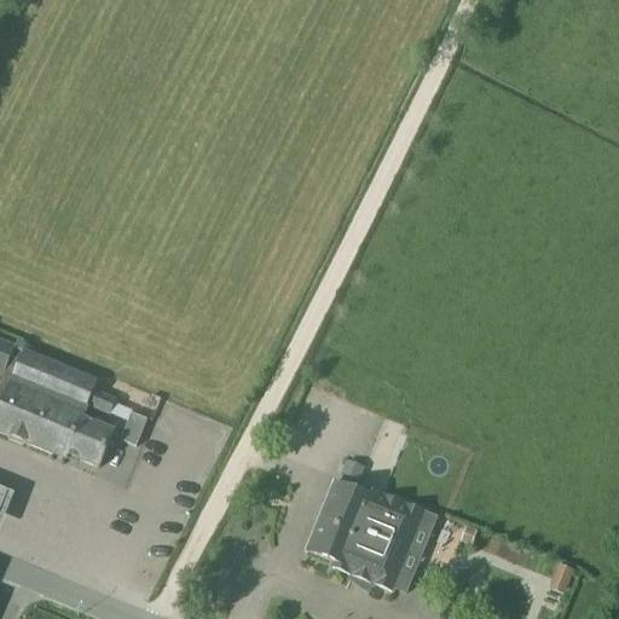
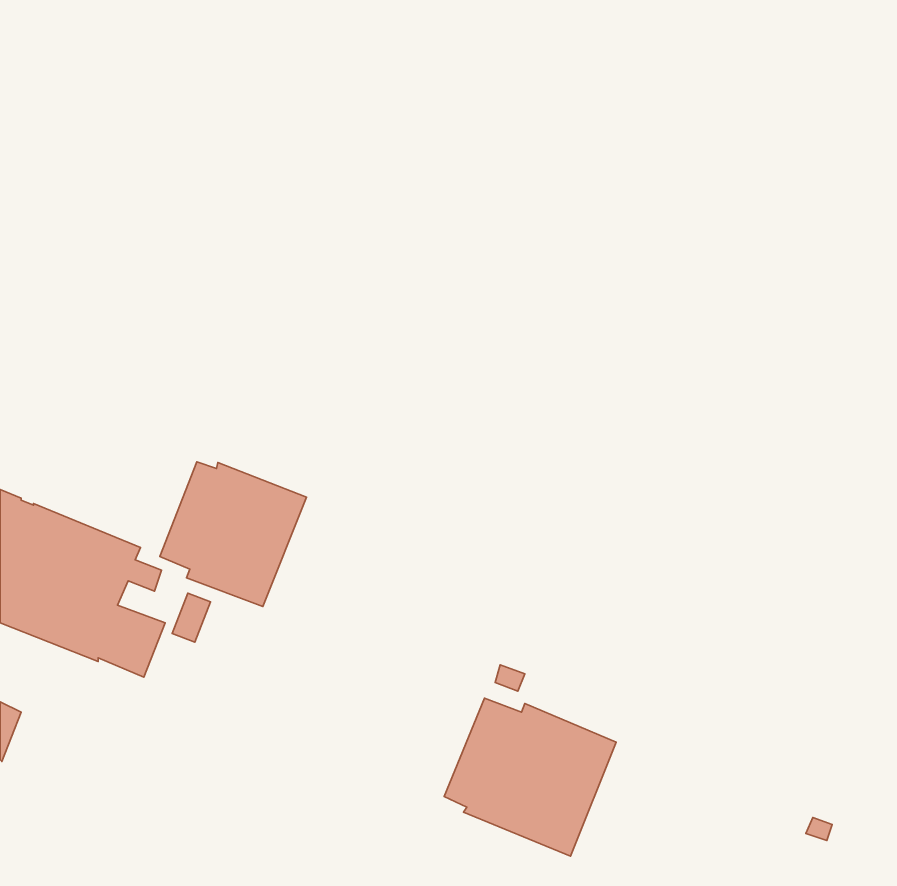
building: none -> [160,462,307,606]

